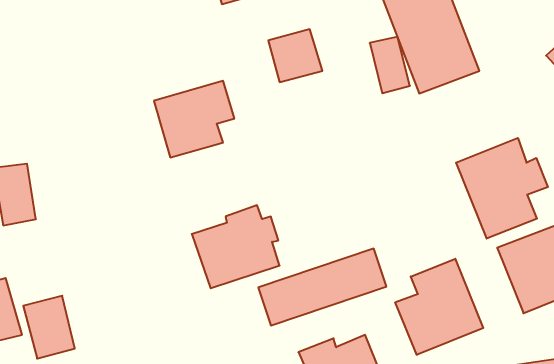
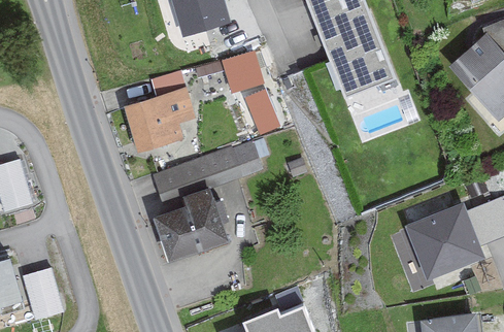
building: [370,37,410,93] -> [246,88,279,134]
building: [456,138,548,239] -> none
building: [258,249,386,325] -> [154,144,259,207]
building: [395,259,483,355] -> none

